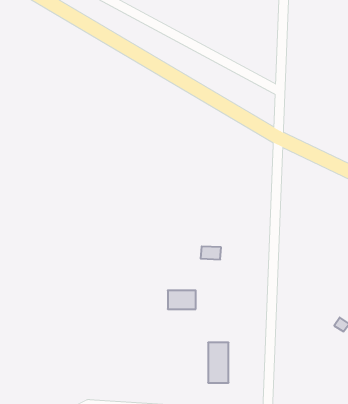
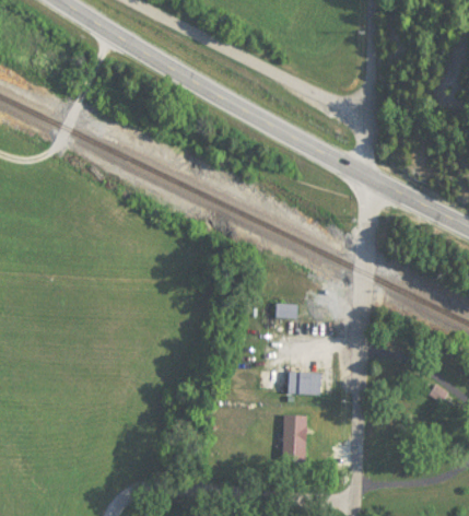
building: [168,290,196,309] -> [288,372,320,394]

